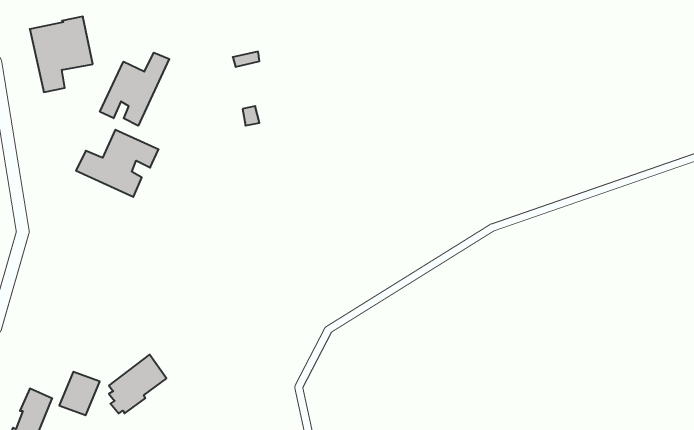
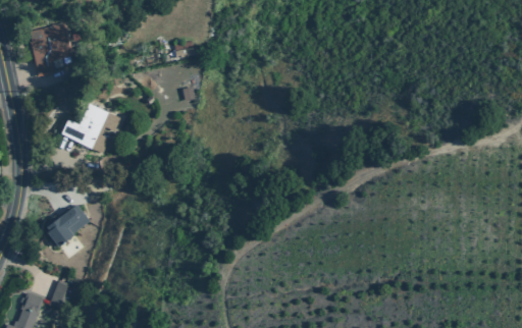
building: [100,53,169,126] -> none
building: [109,355,166,413] -> [48,204,90,247]

